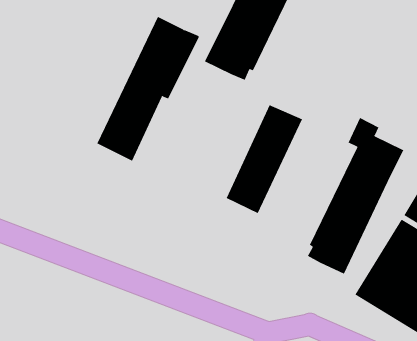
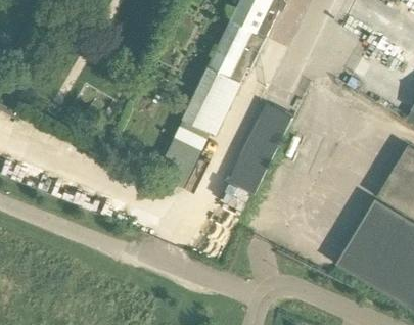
building: [96,16,200,162] -> [156,64,244,188]
building: [307,117,404,275] -> none

